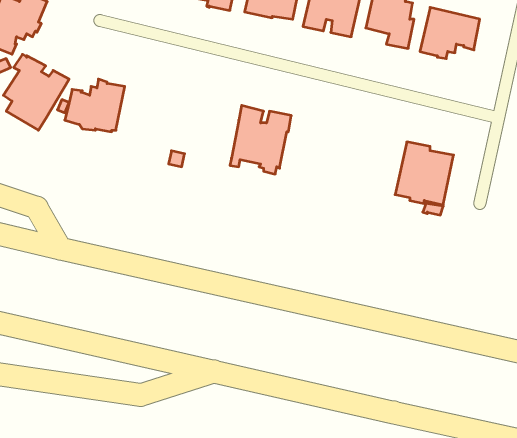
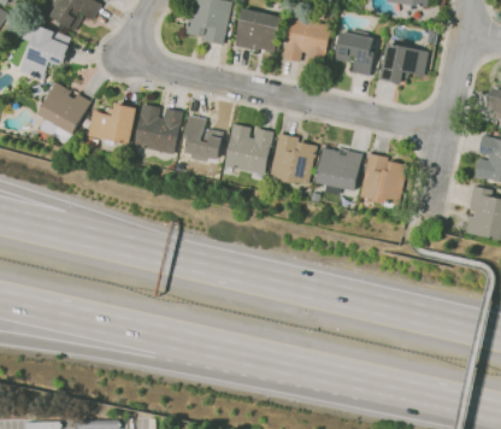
building: none -> [132,104,183,154]
building: none -> [183,114,225,170]
building: none -> [269,133,317,184]
building: none -> [316,147,363,196]

